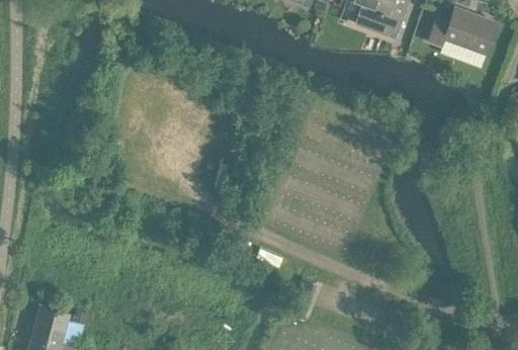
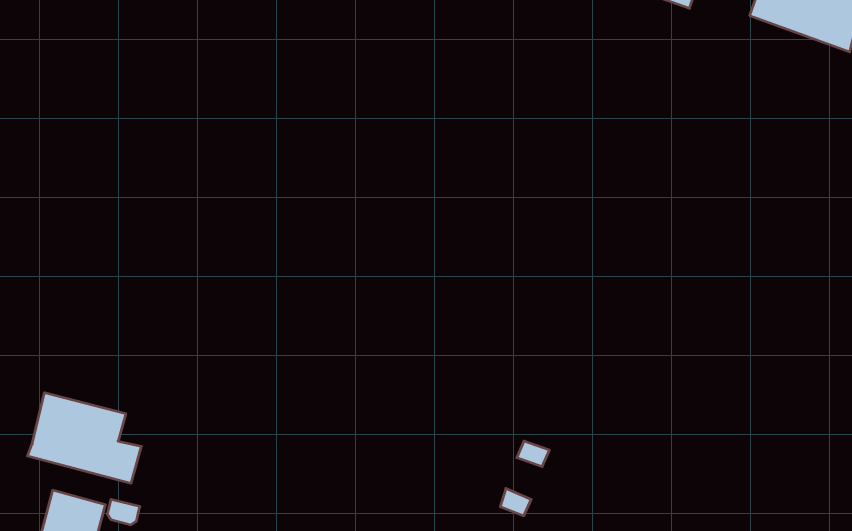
building: none -> [27,393,141,483]

